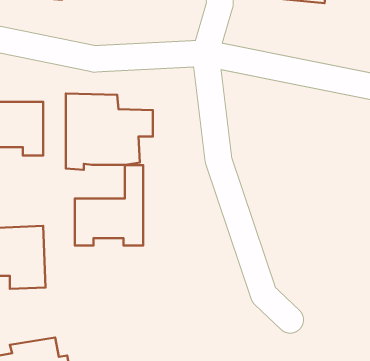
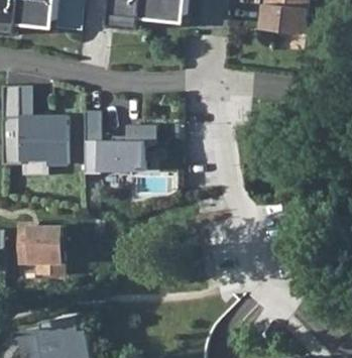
building: [75,165,143,245] -> none

